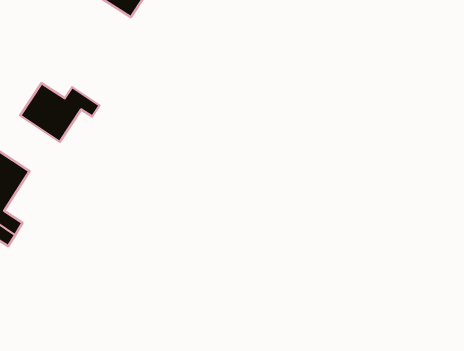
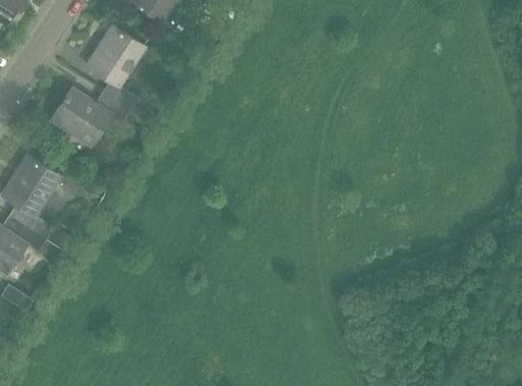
building: none -> [86,24,145,109]

